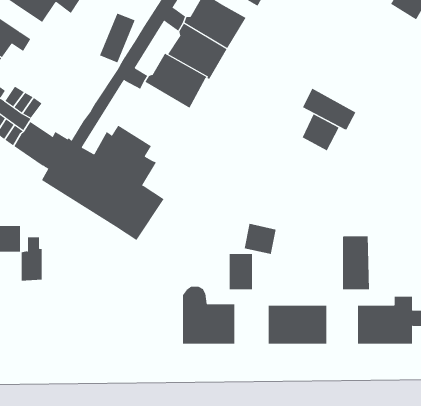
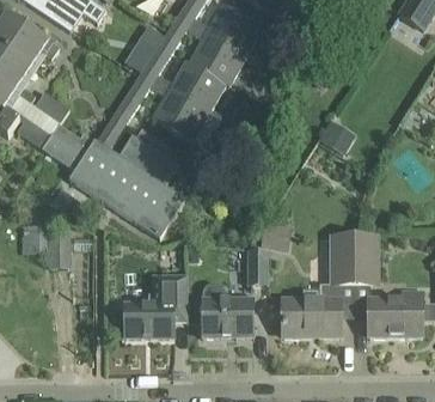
building: none -> [152,87,209,142]
building: [302,88,356,130] -> none
building: none -> [329,232,355,285]
building: none -> [124,273,188,336]

